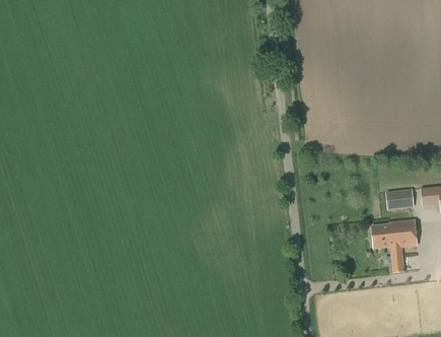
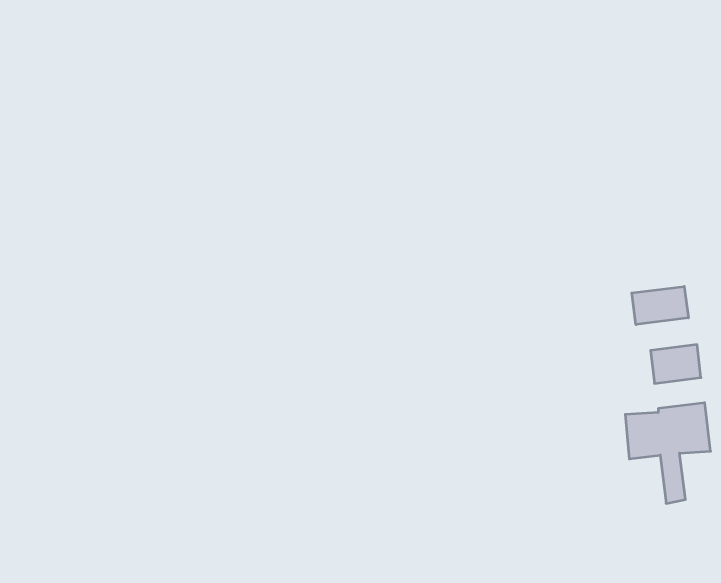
building: none -> [632,286,688,325]

